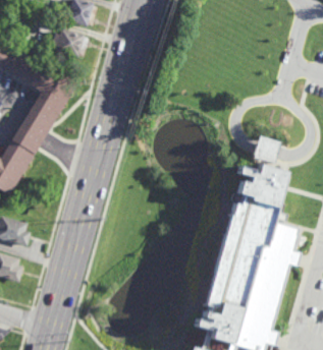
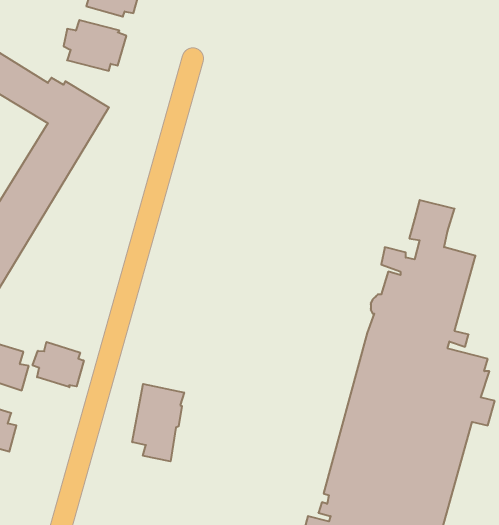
building: none -> [33,342,84,387]
building: none -> [132,384,184,461]

